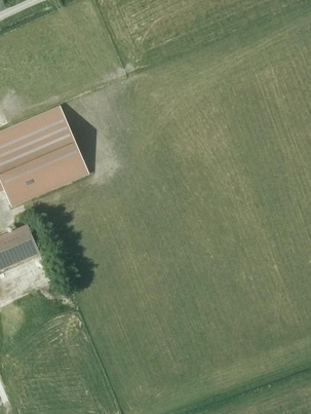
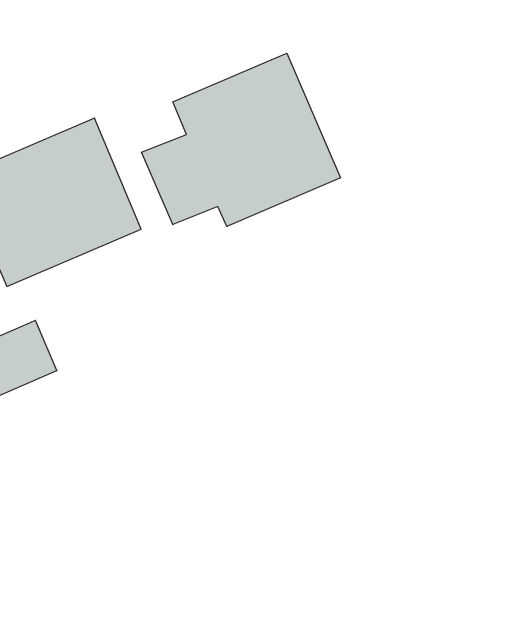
building: none -> [142,53,341,226]

